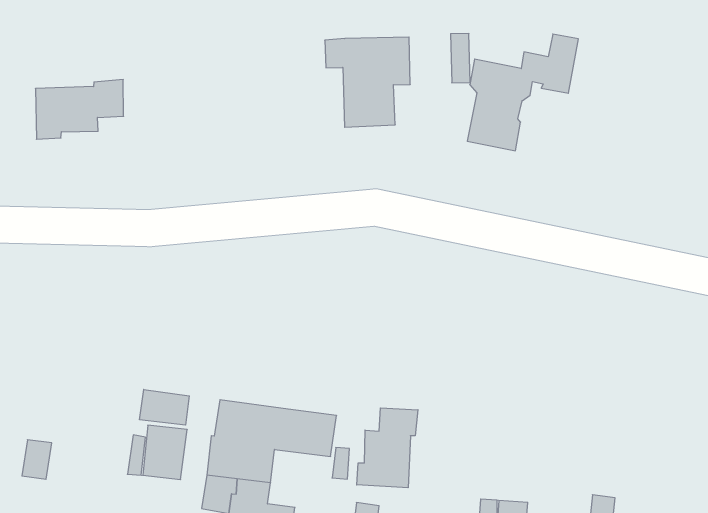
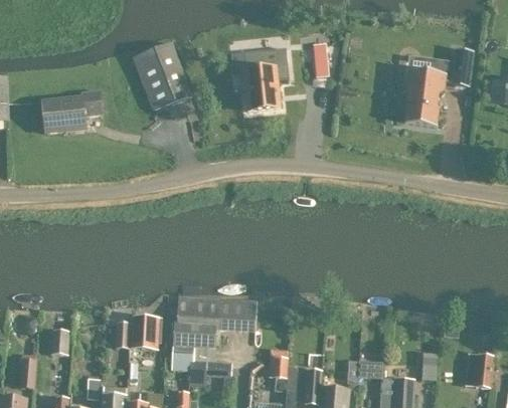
building: none -> [132,41,190,109]
building: [467,34,578,151] -> [402,47,472,126]
building: [140,389,189,425] -> none
building: [357,408,418,488] -> none

